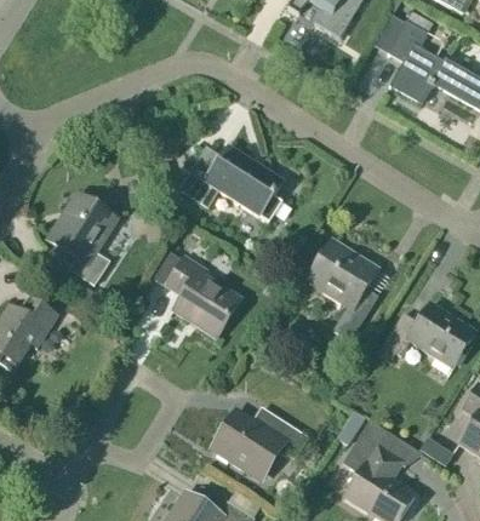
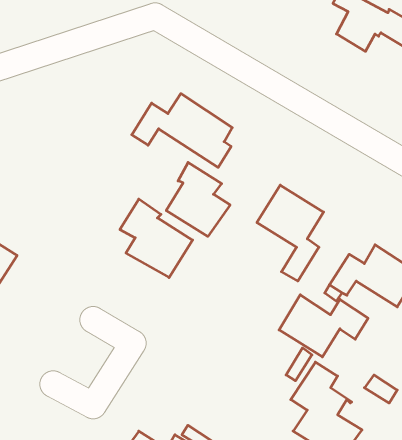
building: [47,193,115,284] -> none
building: none -> [166,162,230,236]
building: [215,411,307,475] -> [279,295,368,357]

